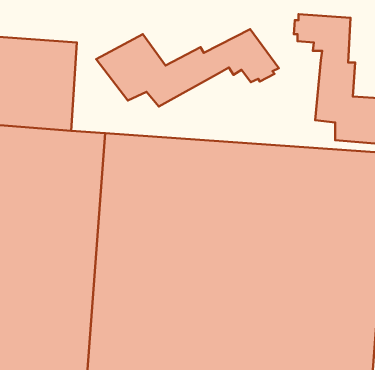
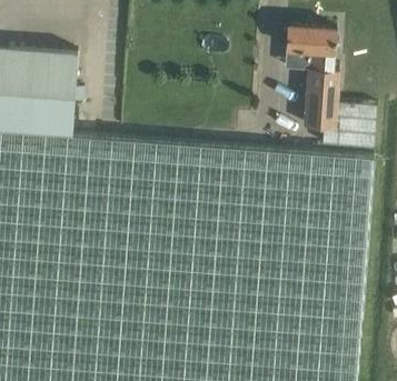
building: [96,29,279,107] -> none

